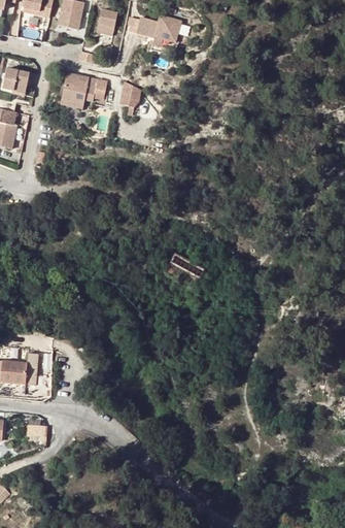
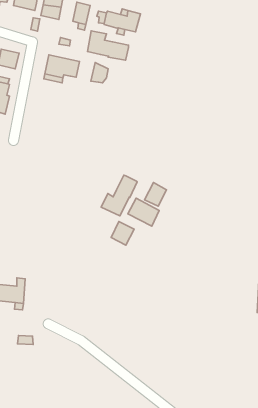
building: none -> [87,31,129,60]
building: none -> [101,175,137,216]
building: none -> [145,183,167,206]
building: none -> [111,221,134,245]

